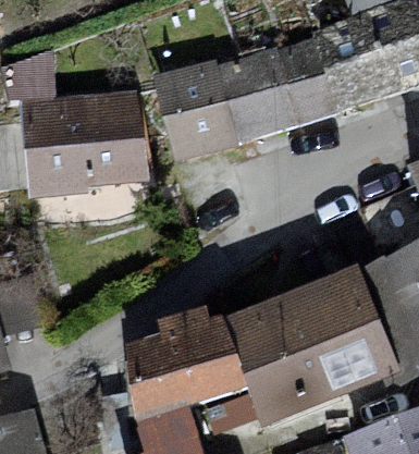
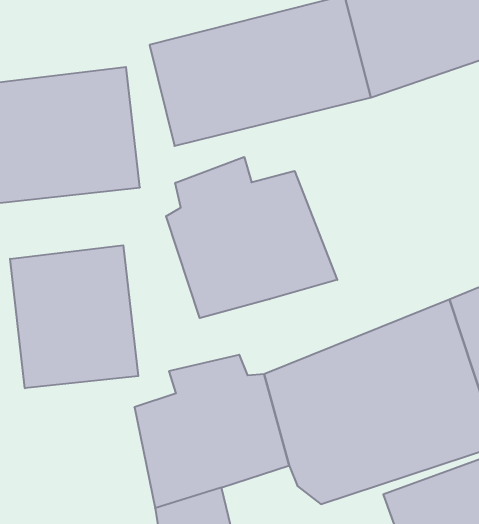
building: none -> [166,157,337,318]
building: none -> [10,245,138,388]

